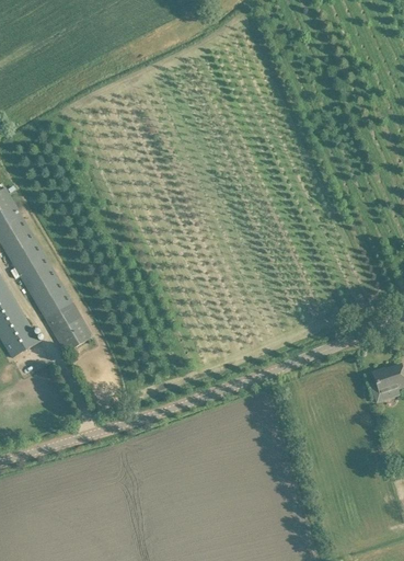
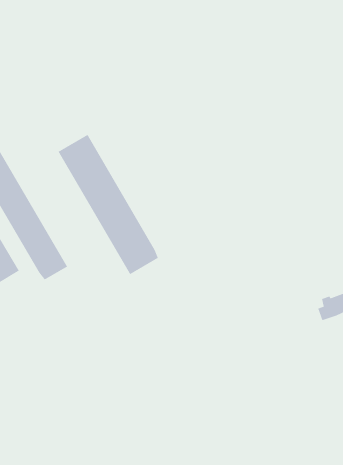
building: none -> [57,134,159,275]

